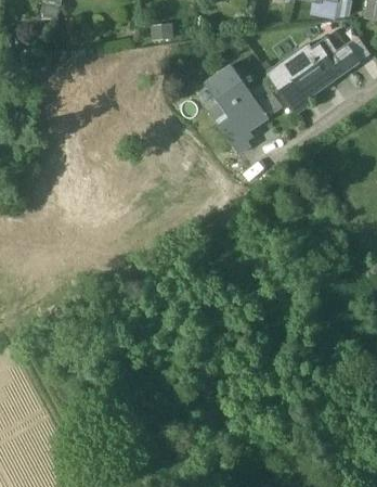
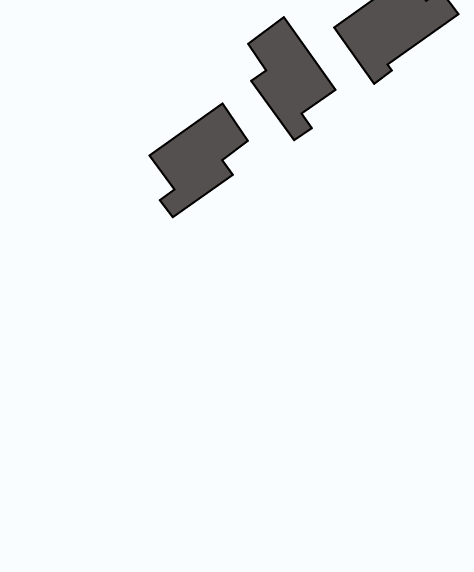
building: none -> [150,104,248,217]

